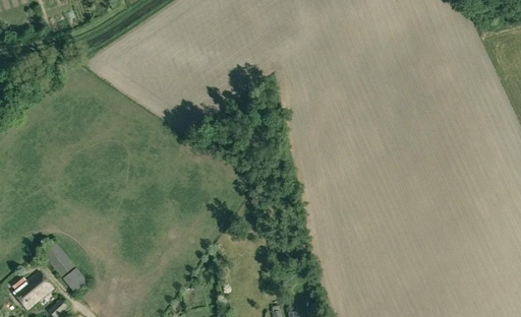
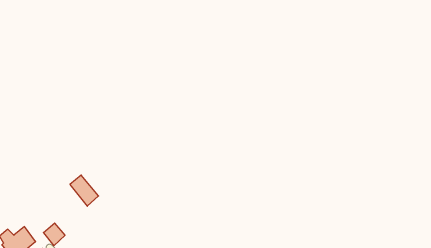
building: [41,241,74,277] -> [70,175,99,206]

